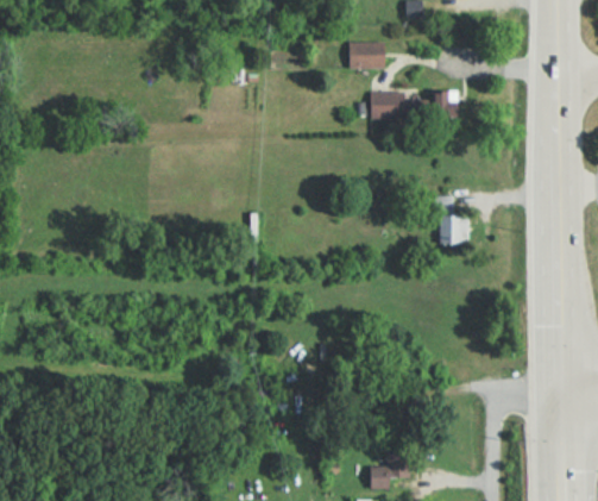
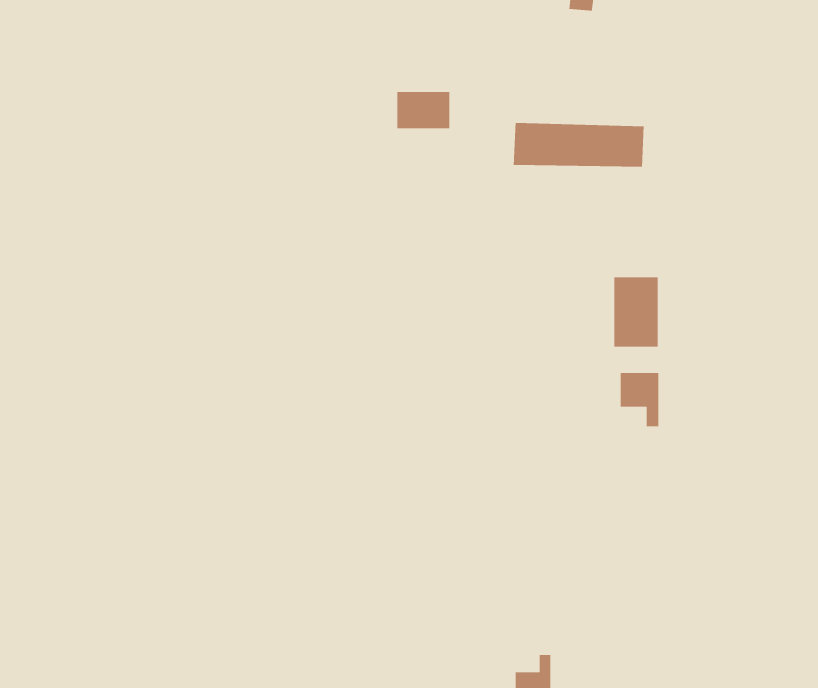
building: [348,43,385,69] -> [396,91,450,129]
building: none -> [620,372,659,427]

